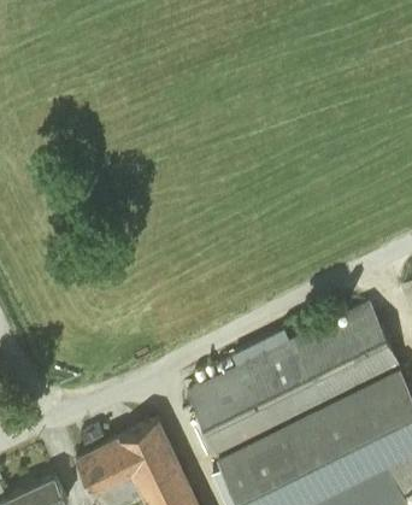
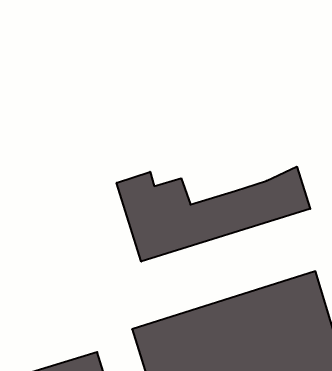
building: none -> [117,167,310,262]

